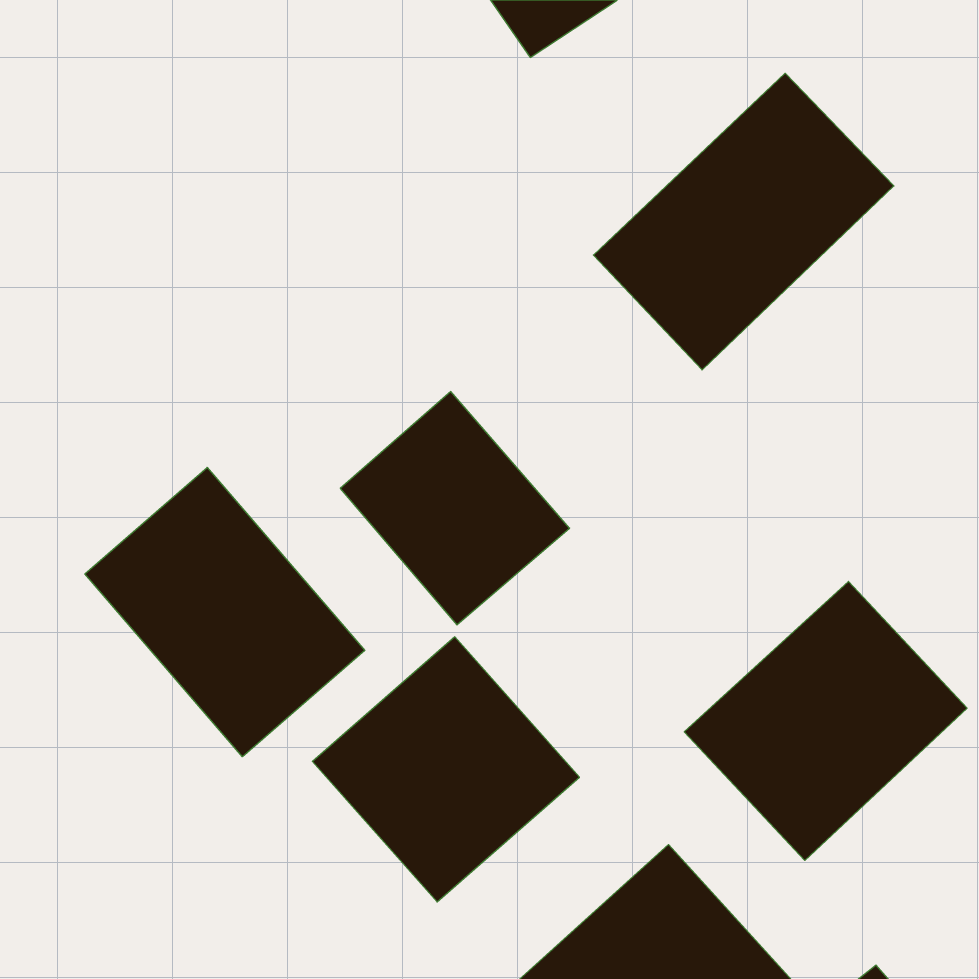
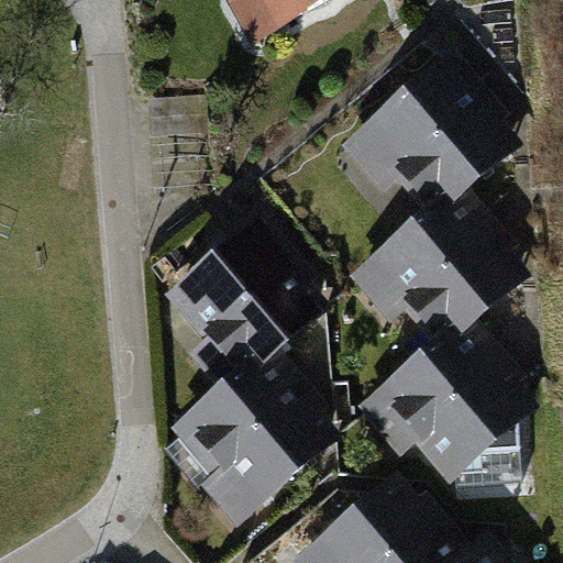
building: none -> [352,208,507,358]
building: [85,467,365,757] -> none

